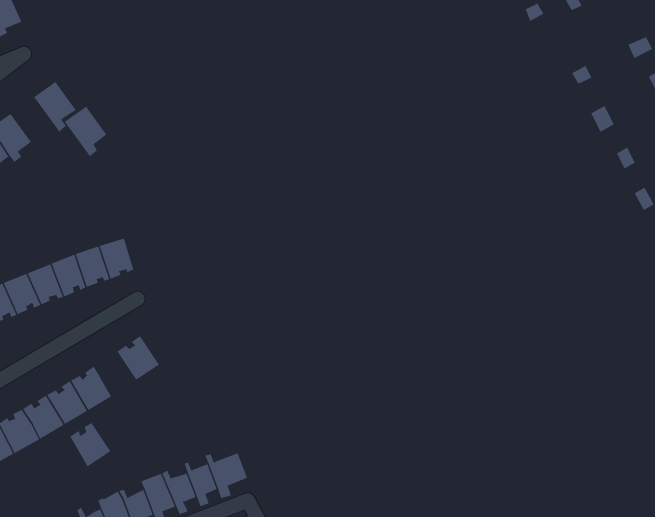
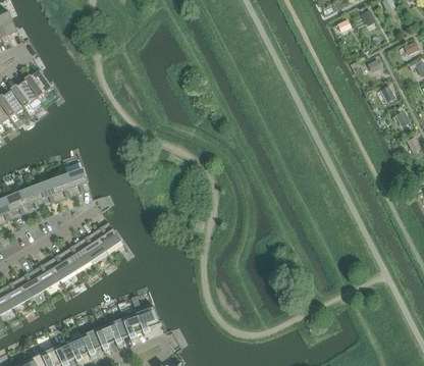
building: [64,106,107,157] -> [10,80,38,112]
building: none -> [93,221,120,250]
building: [69,422,111,467] -> [63,242,90,270]

